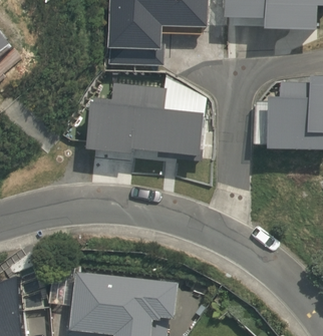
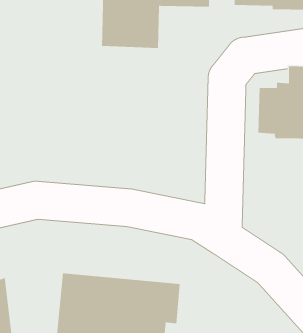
building: [86,82,204,156] -> none

